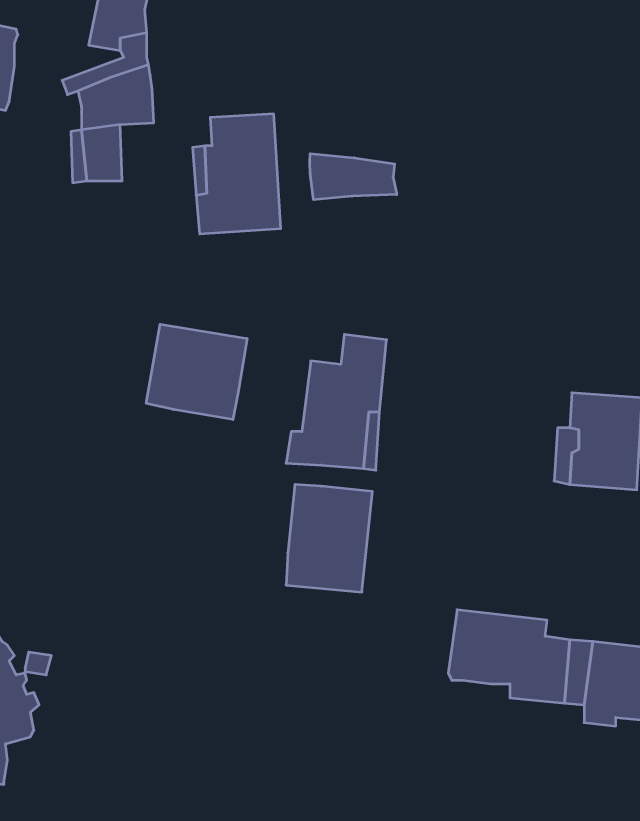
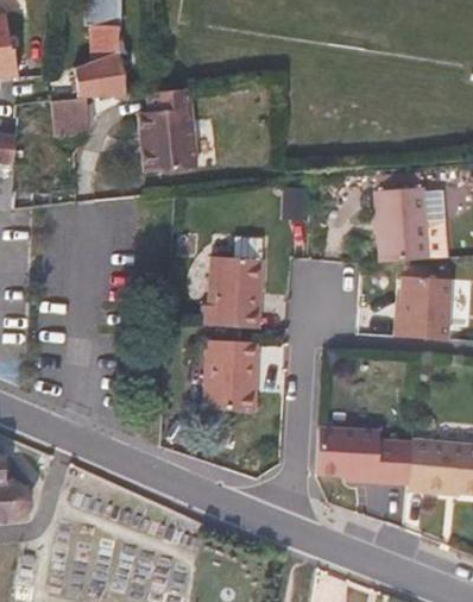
building: [310,154,397,200] -> none
building: none -> [384,194,439,266]
building: [146,324,247,420] -> none

